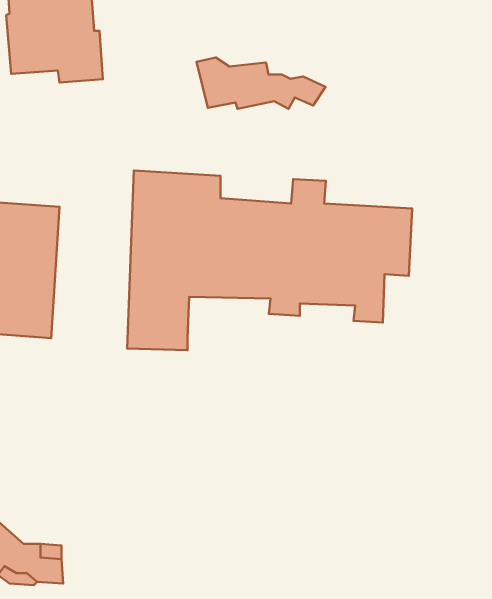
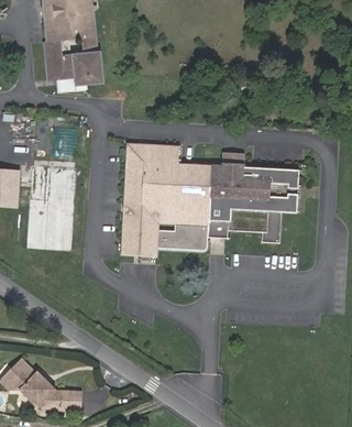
building: [196,58,326,109] -> none
building: none -> [157,225,210,252]

